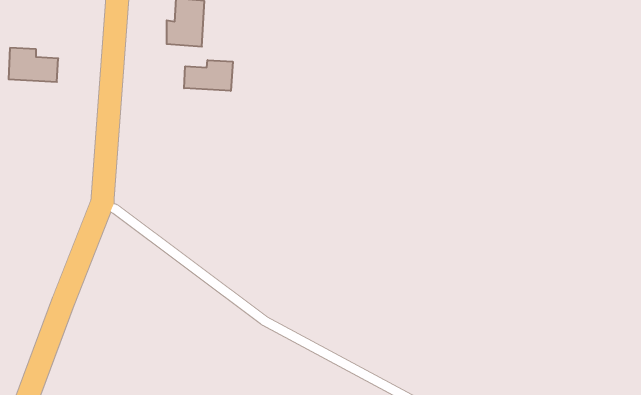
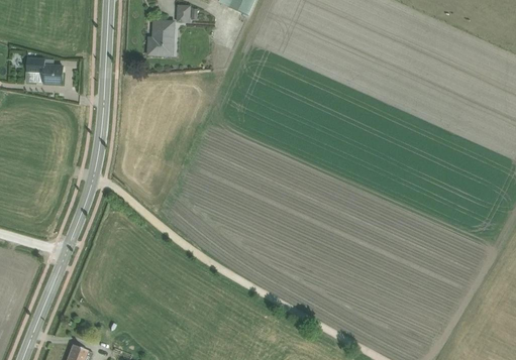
building: [184,60,233,91] -> none

